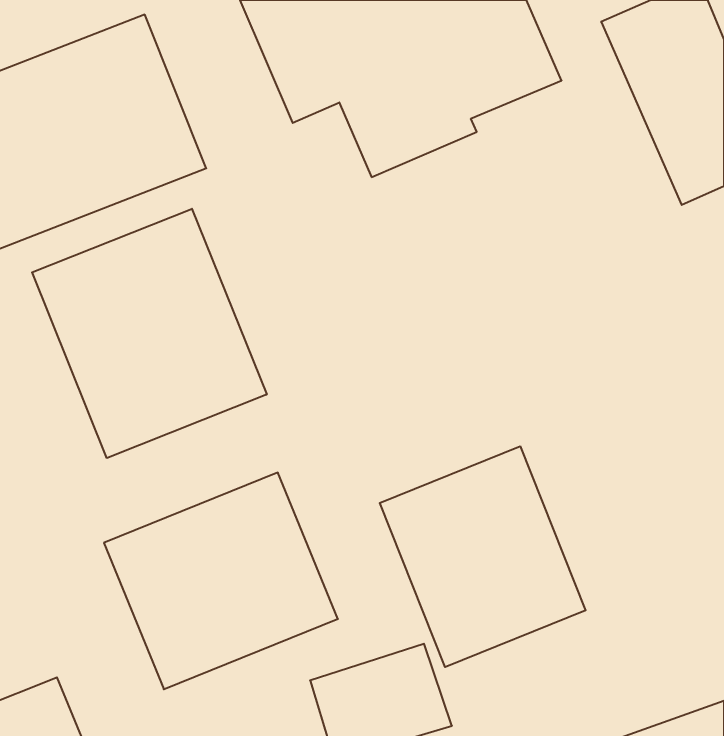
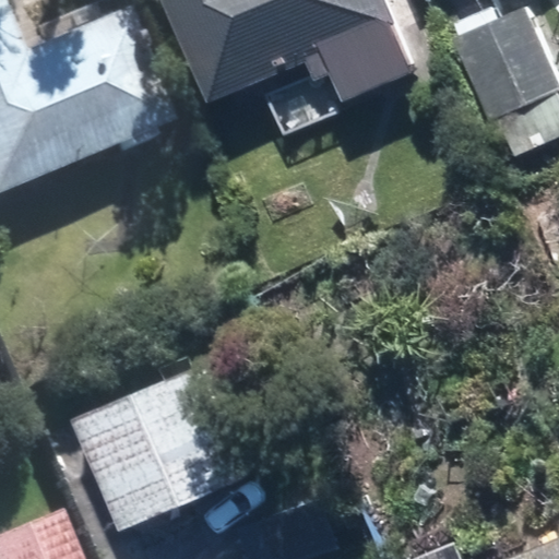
building: [32,209,267,458] -> none
building: [380,446,586,667] -> none

